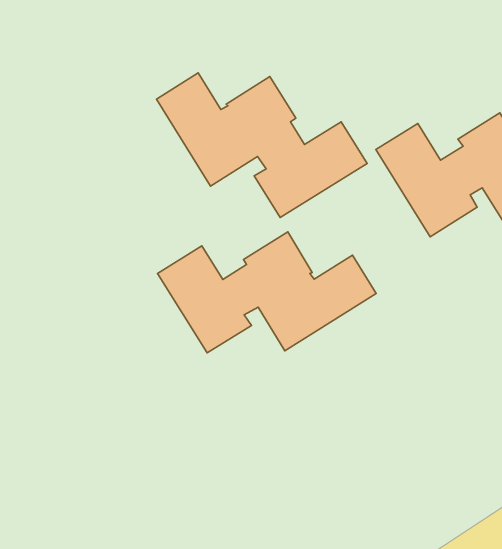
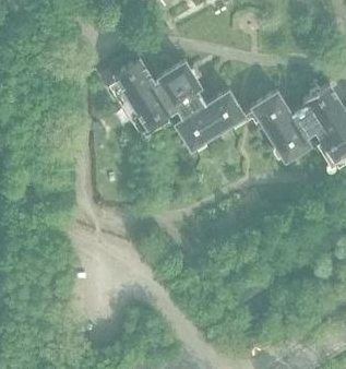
building: [158,232,376,353] -> none

